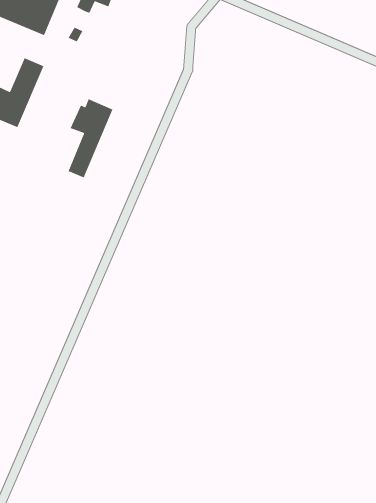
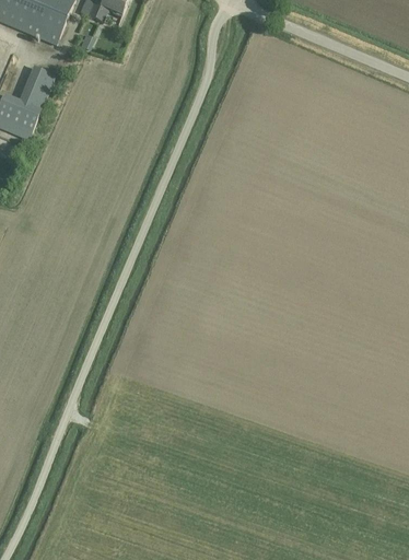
building: [67,98,114,179] -> none

